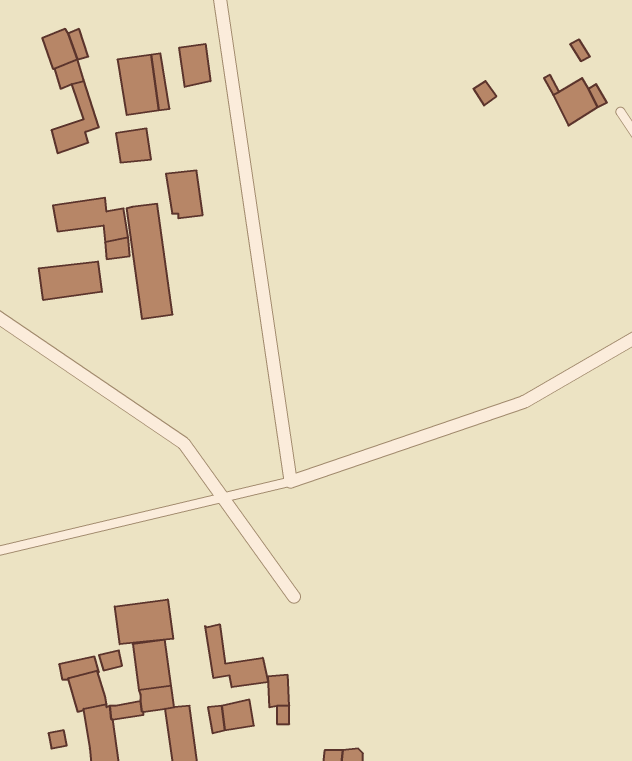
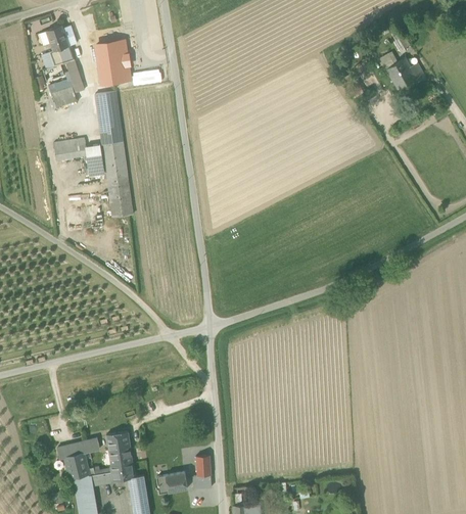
building: [179,44,210,87] -> none
building: [166,171,203,218] -> [98,111,123,143]
building: [39,261,102,300] -> none
building: [115,599,173,644] -> none
building: [205,624,268,687] -> none

